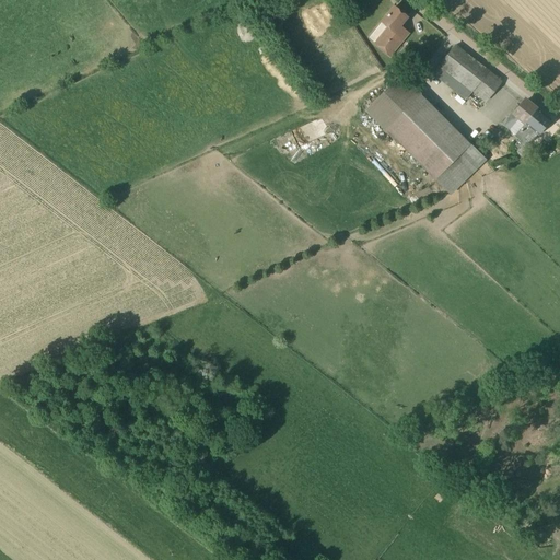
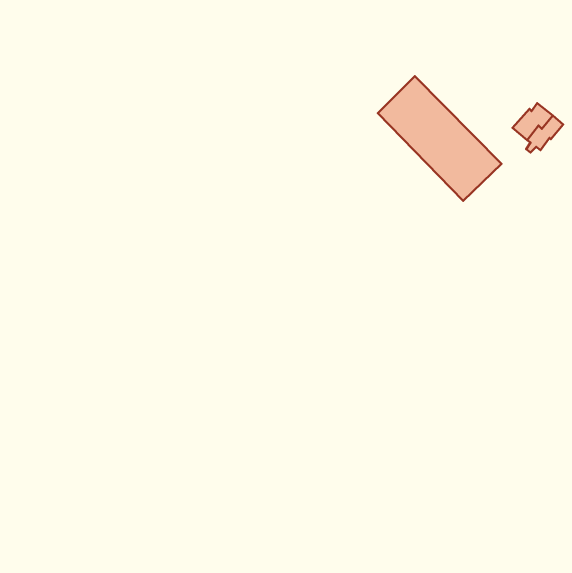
building: [372,7,405,56] -> none
building: [438,46,499,101] -> none

